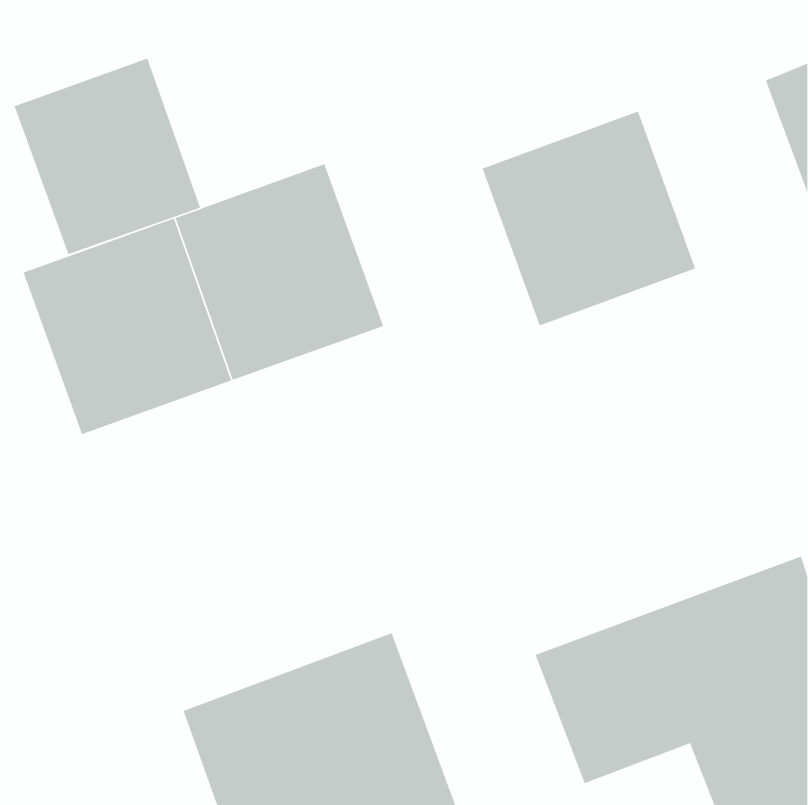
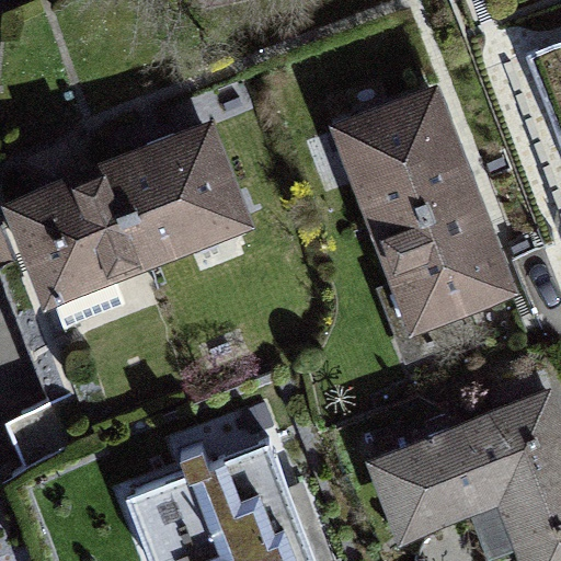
building: [14,58,201,255] -> none
building: none -> [369,193,516,340]

